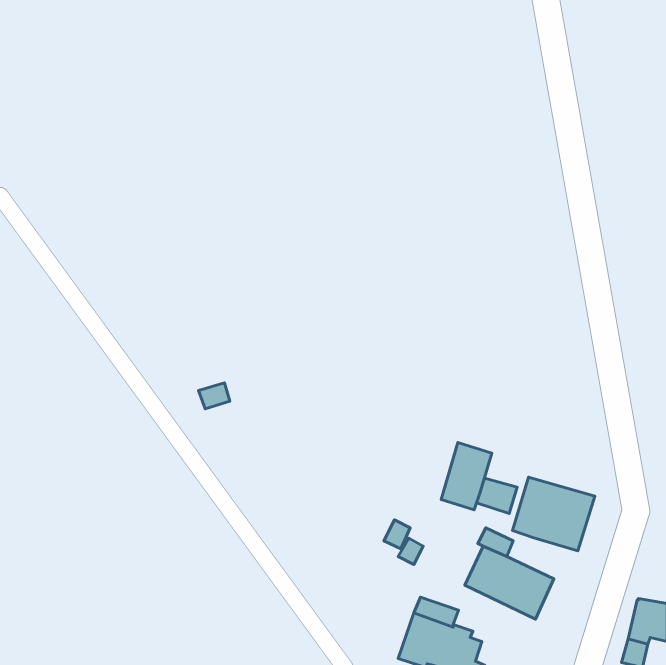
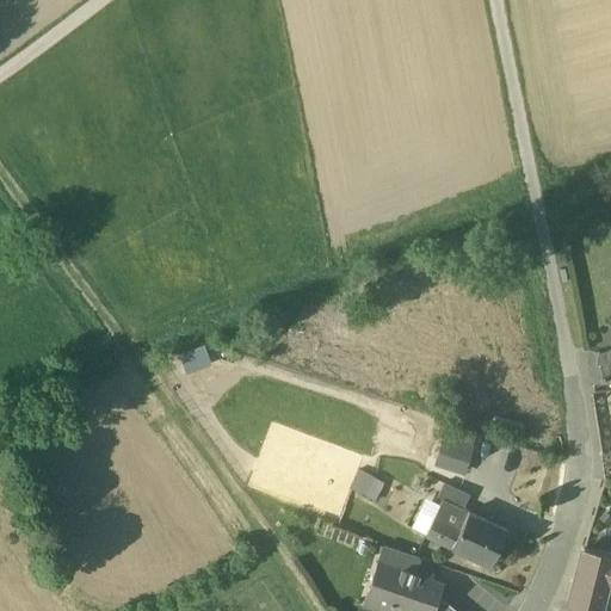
building: [441,443,492,510] -> none
building: [512,477,595,551] -> none

